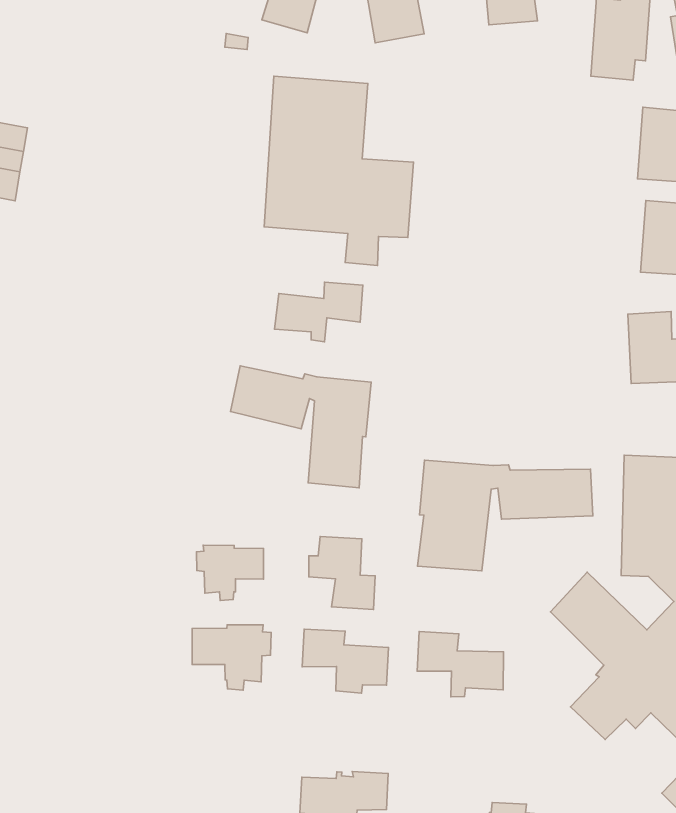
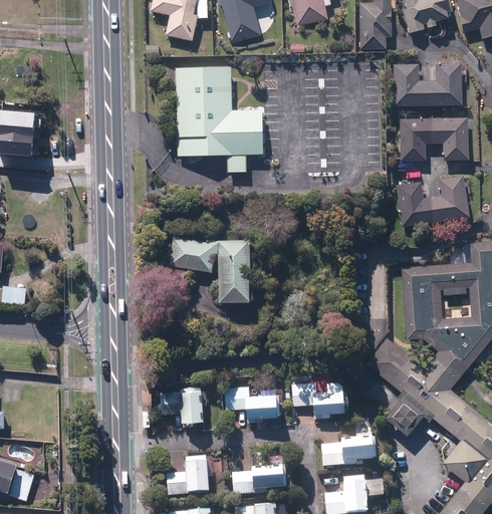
building: [274,282,363,342] -> none
building: [417,460,593,571] -> none
building: [309,536,375,609] -> none
building: [197,545,264,601] -> none
building: none -> [321,438,376,468]
building: none -> [167,457,212,497]

